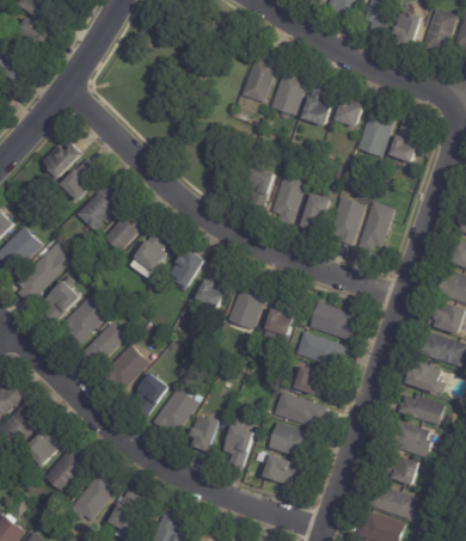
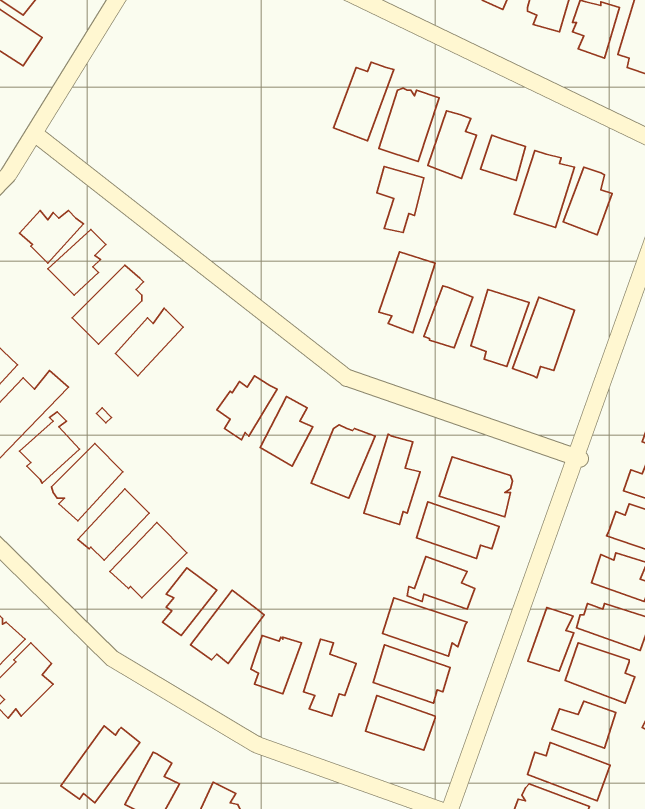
building: [246,166,276,208] -> [377,167,424,232]
building: [135,227,166,270] -> none
building: none -> [528,608,574,671]
building: [43,447,91,493] -> none

